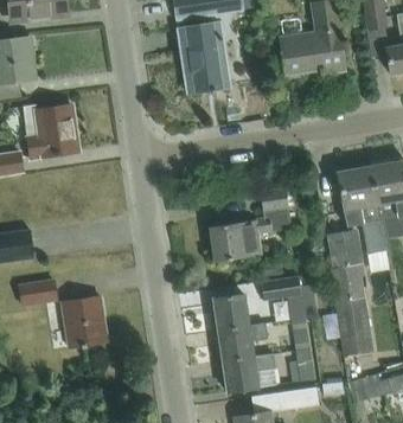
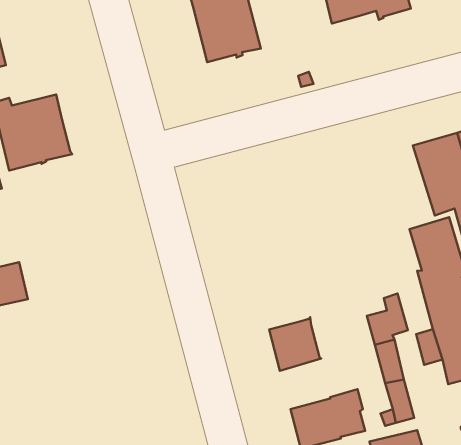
building: [209,188,290,262] -> none
building: [261,275,301,301] -> none
building: [19,280,56,306] -> none
building: [60,296,107,347] -> none
building: [217,322,268,361] -> none

